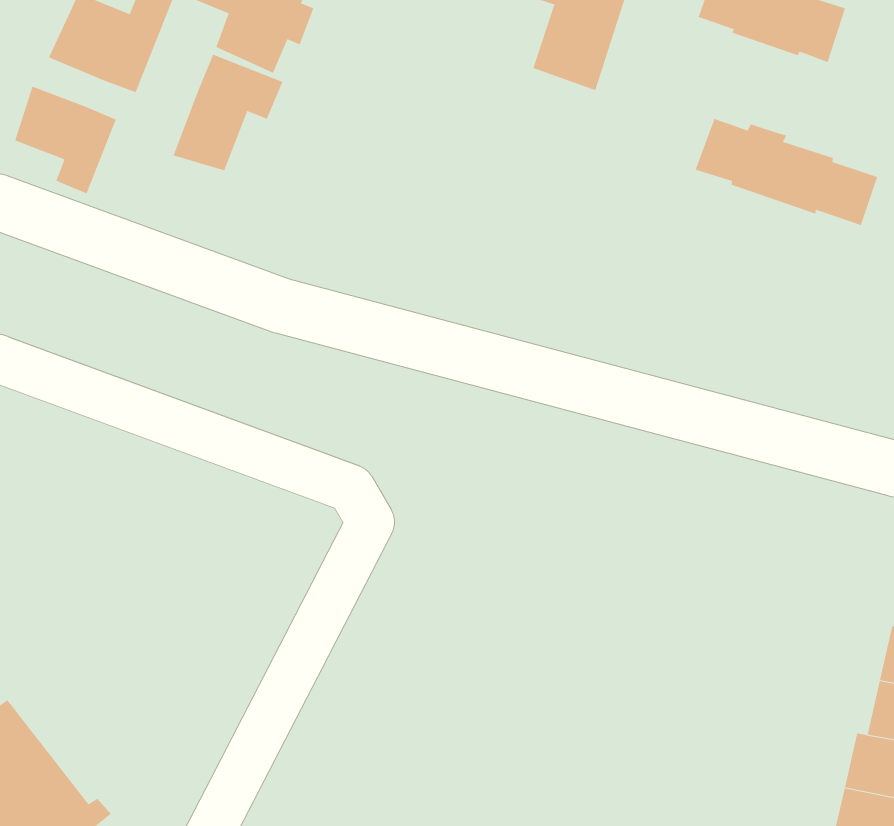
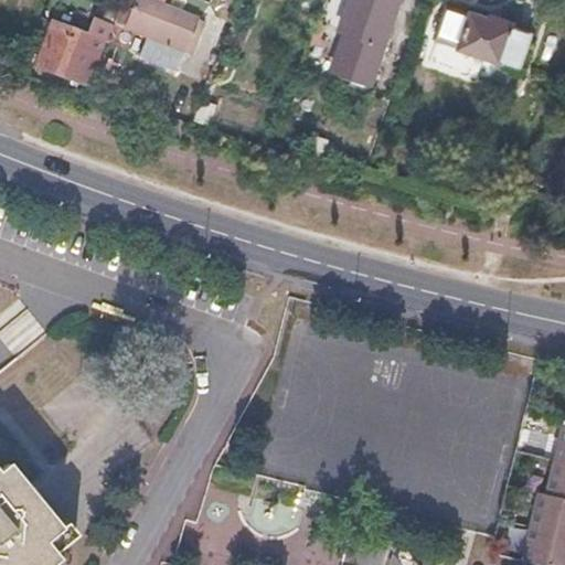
building: [173,54,283,171] -> none
building: [14,86,117,194] -> none
building: [695,118,878,226] -> none

